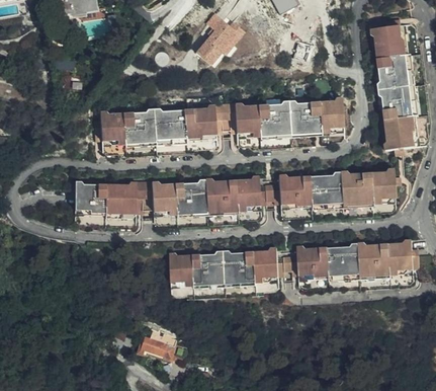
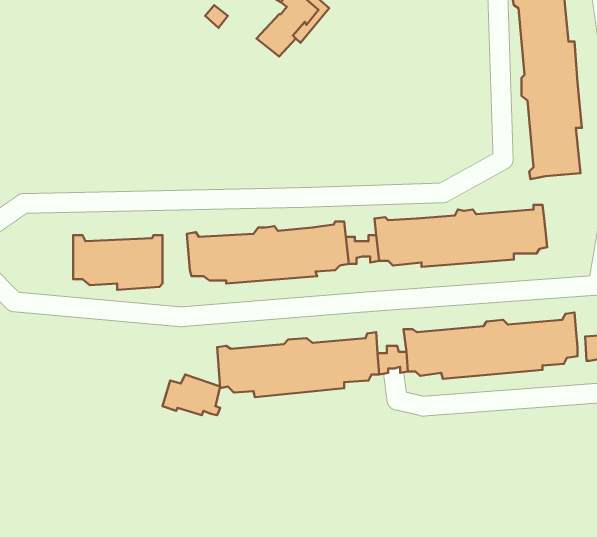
building: [100,92,340,148] -> none
building: [135,183,153,214] -> none
building: [139,332,177,360] -> [163,374,220,415]

